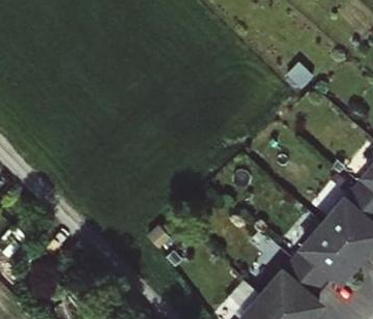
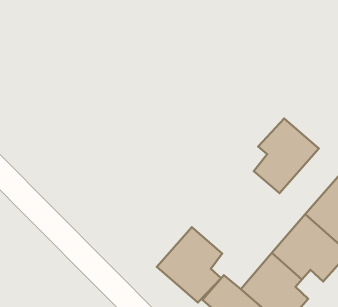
building: none -> [254,119,319,193]
building: none -> [157,227,222,303]

